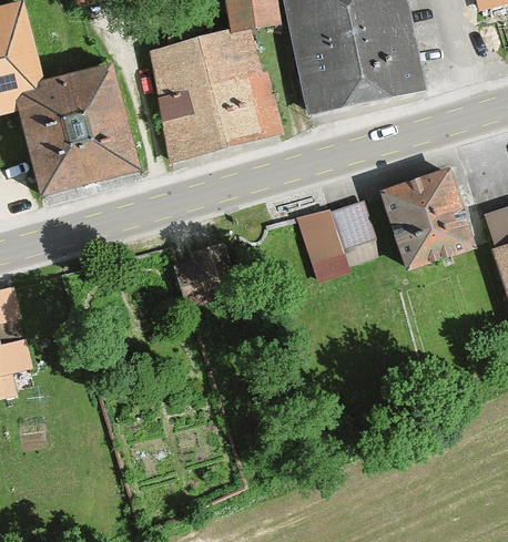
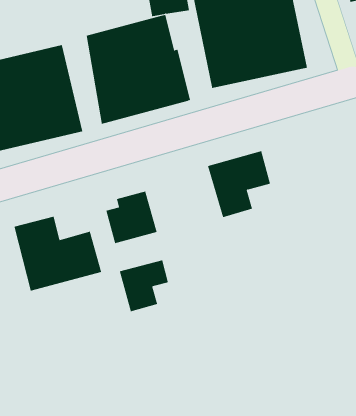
building: [379,170,476,273] -> none
building: none -> [14,216,102,292]
building: none -> [119,260,168,312]

